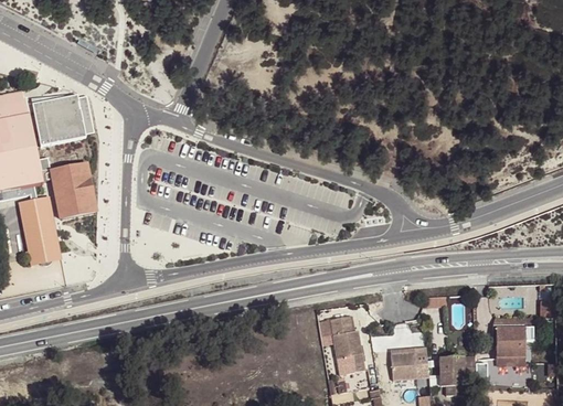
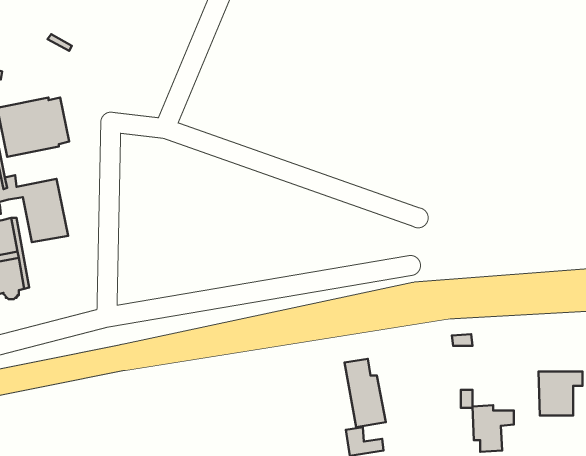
building: [390,346,426,380] -> none

